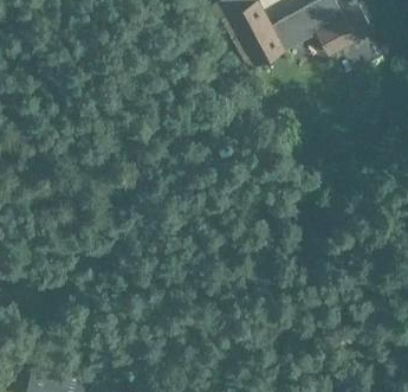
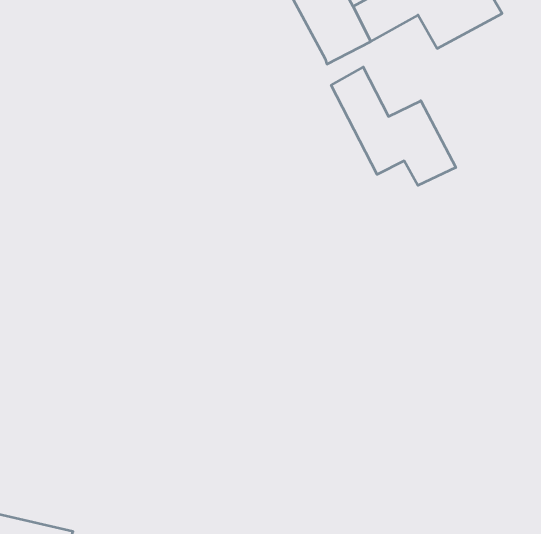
building: none -> [331,67,456,185]

